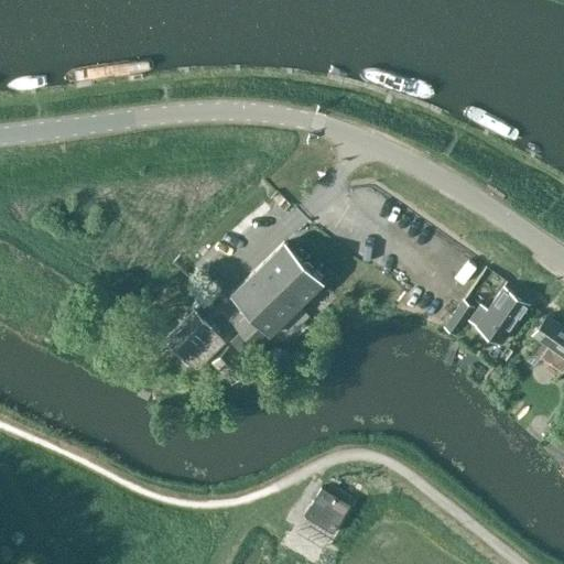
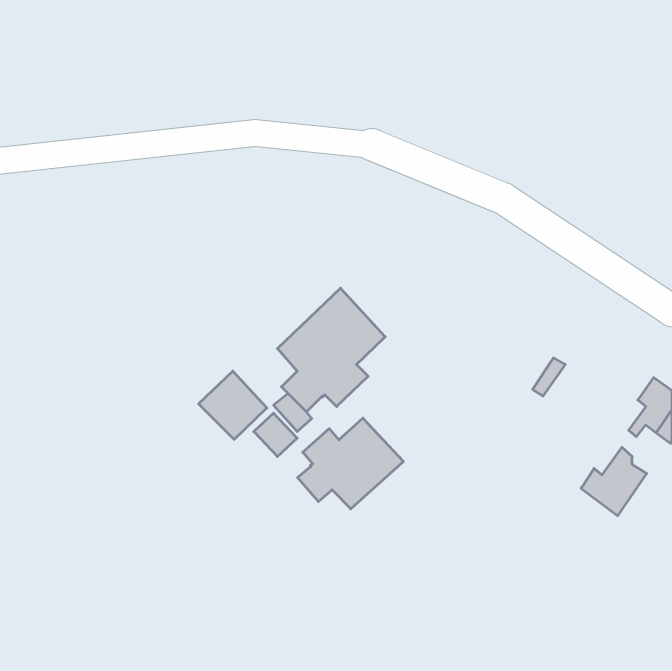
building: [469,286,524,344] -> [581,447,647,516]
building: none -> [298,418,403,509]
building: [304,487,350,533] -> none

